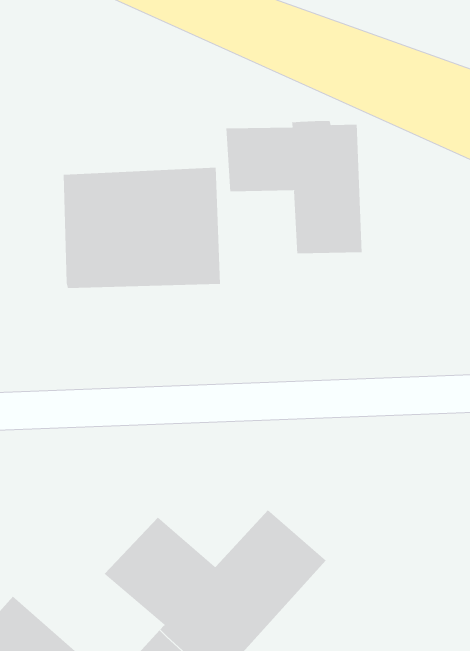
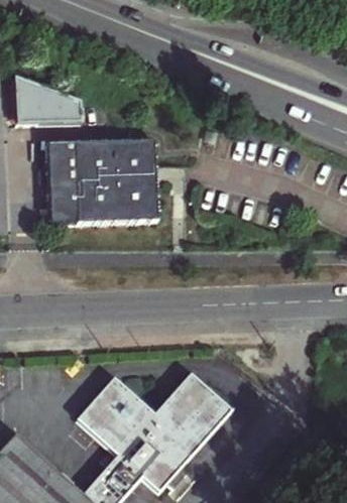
building: none -> [16,77,84,125]
building: [226,120,362,254] -> none

